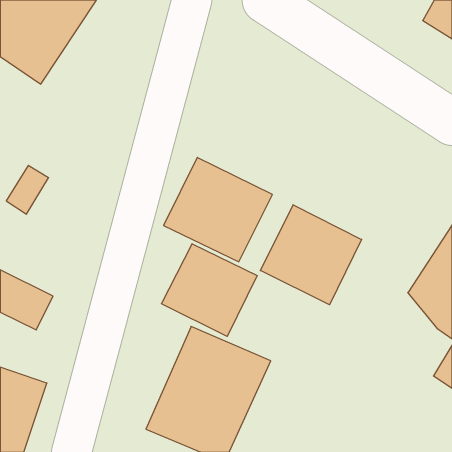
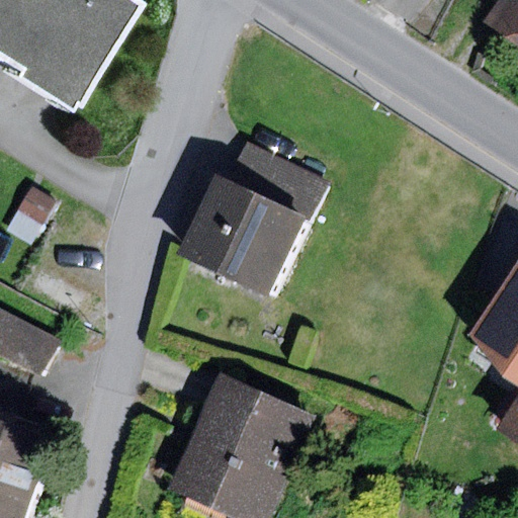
building: none -> [226,142,331,223]
building: [260,205,362,305] -> none
building: [161,244,257,336] -> none

